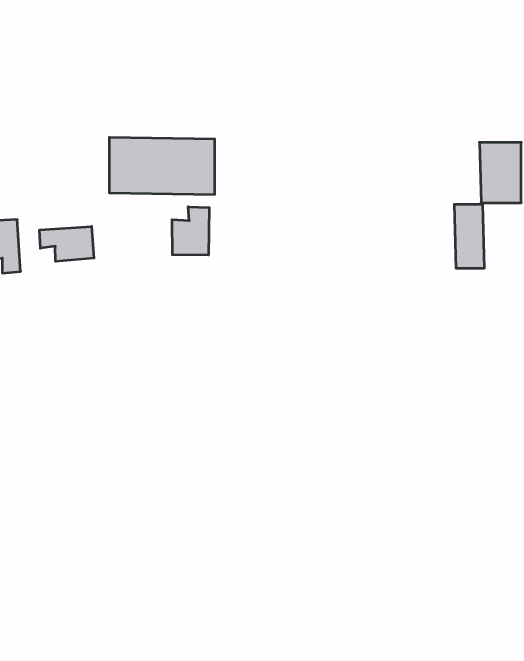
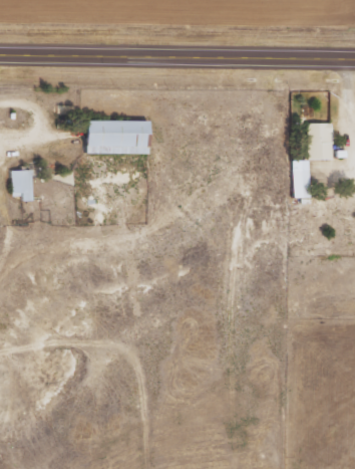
building: [172,207,209,255] -> none
building: [40,226,94,261] -> none

